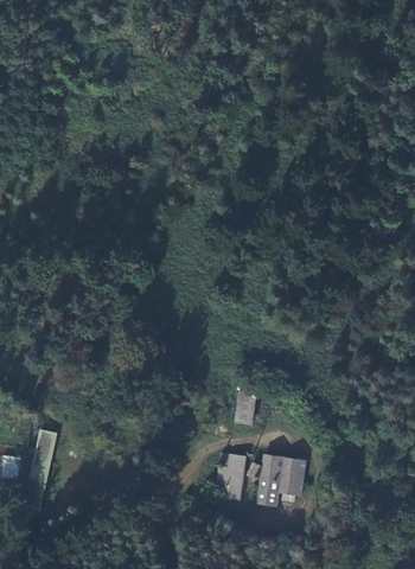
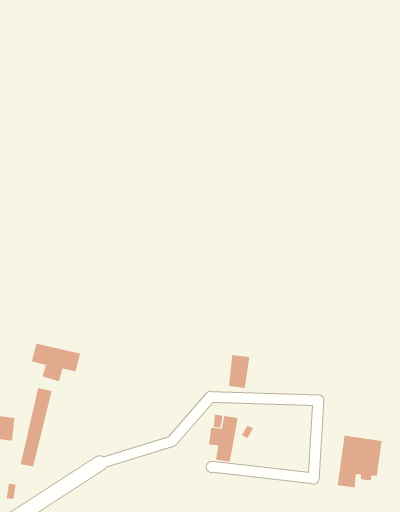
building: none -> [31,343,81,382]
building: [258,453,305,506] -> [337,435,382,488]

